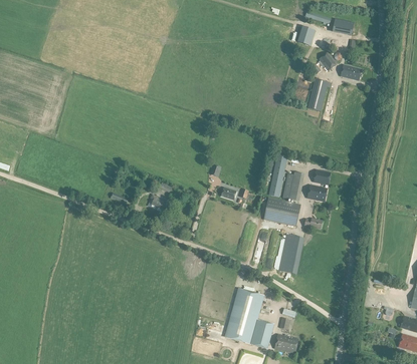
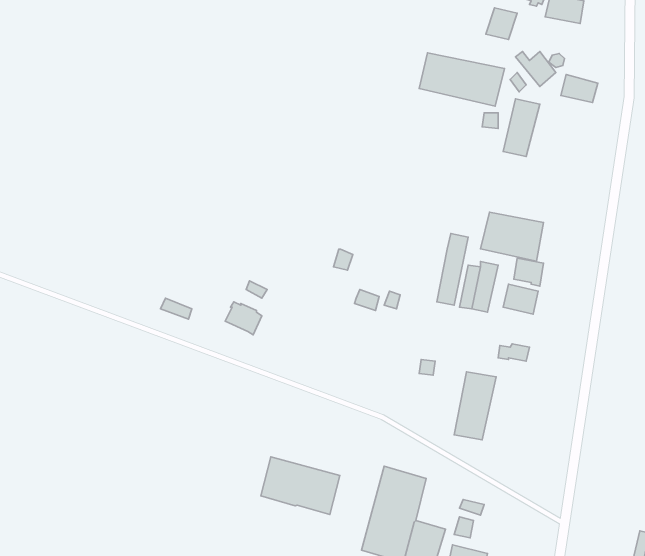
building: none -> [419,53,505,106]
building: [263,197,299,225] -> [481,212,544,261]
building: none -> [261,457,340,515]

